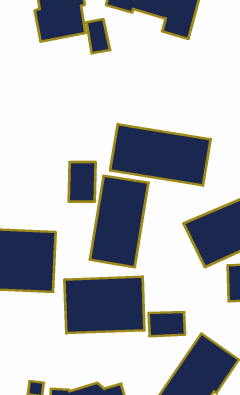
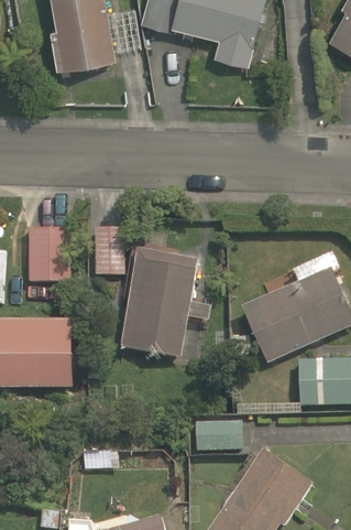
building: [110,124,211,186] -> none
building: none -> [31,224,68,282]
building: [65,276,144,333] -> none

